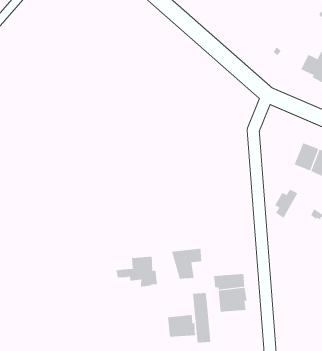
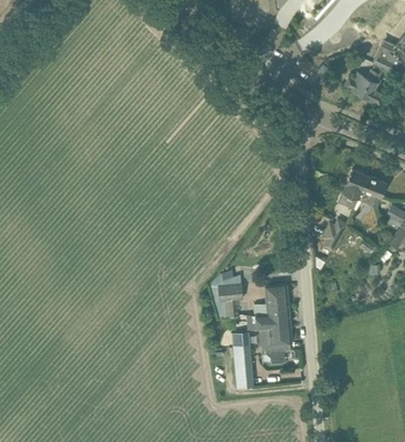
building: none -> [255,283,288,313]
building: [116,256,157,288] -> none
building: [168,314,195,338] -> none

